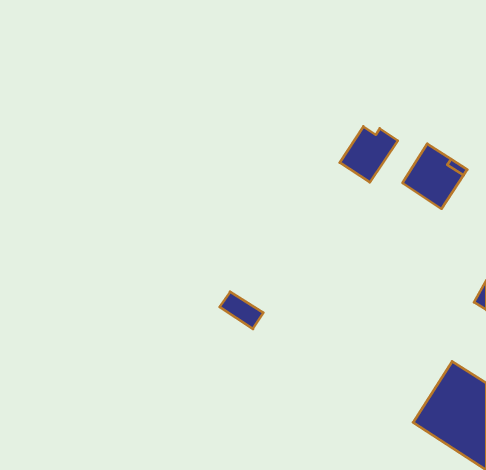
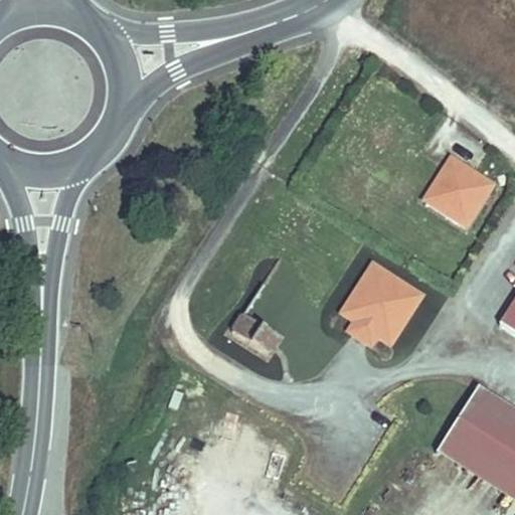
building: [340,126,398,182] -> none
building: none -> [342,263,422,344]

